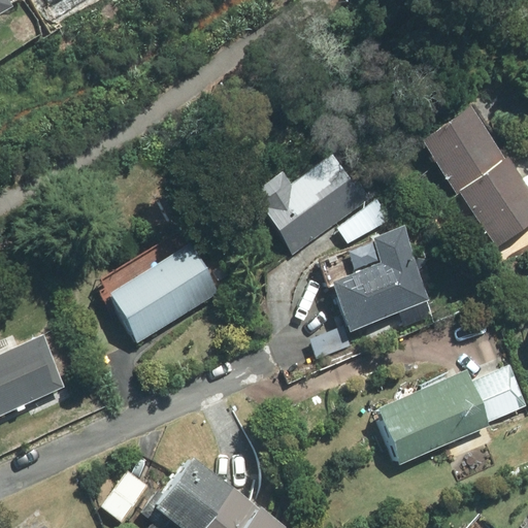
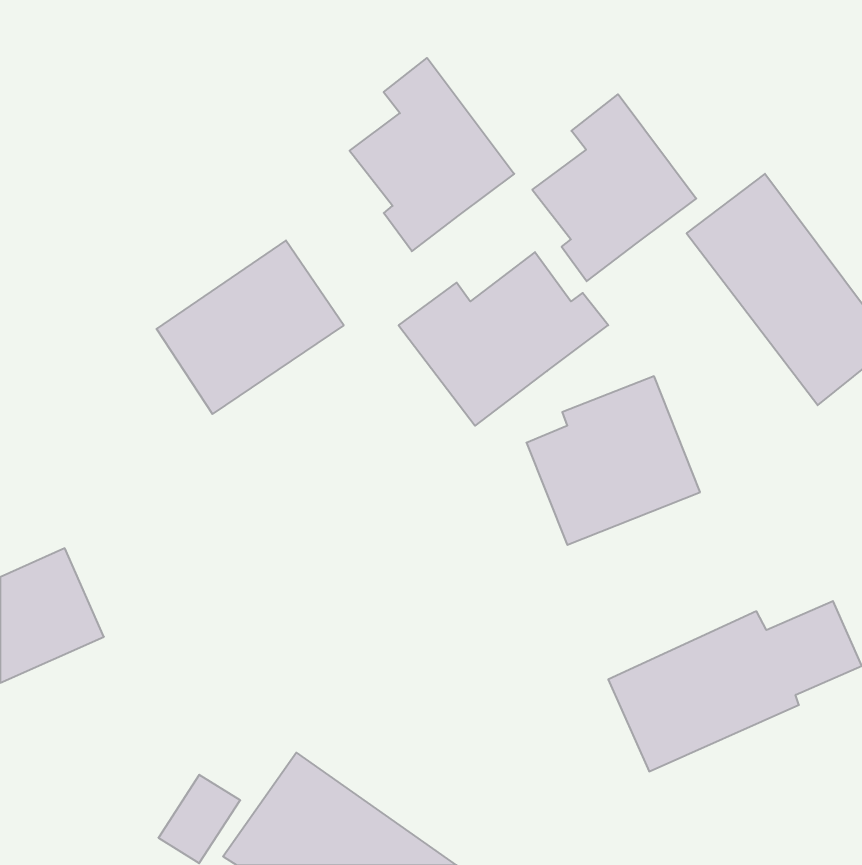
building: none -> [350,58,514,251]
building: none -> [532,94,696,281]
building: [108,239,222,344] -> [156,240,344,414]

